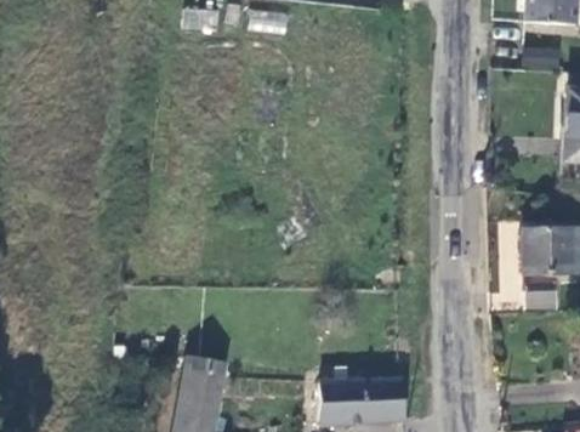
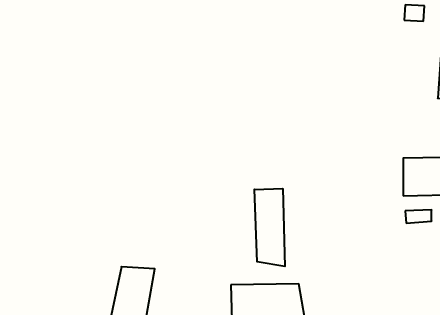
building: none -> [254,189,285,266]

